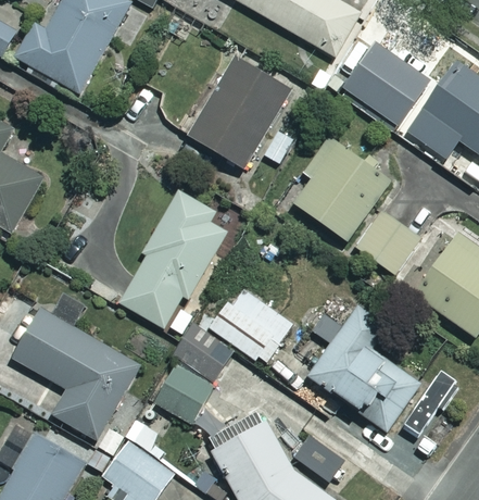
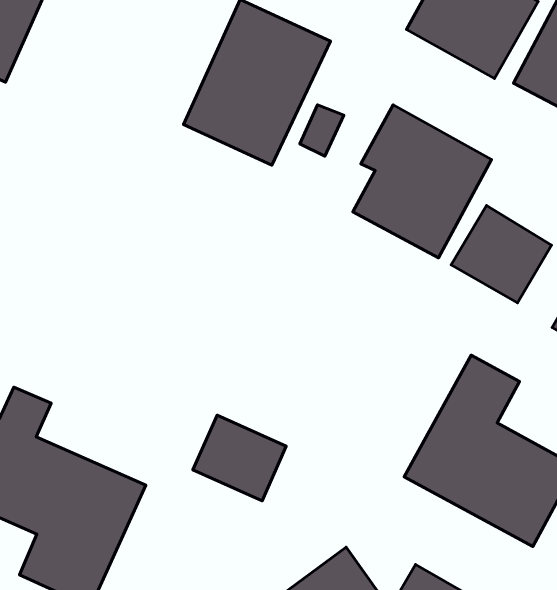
building: [117,189,227,329] -> none
building: [209,288,292,361] -> none
building: [153,363,213,423] -> none

